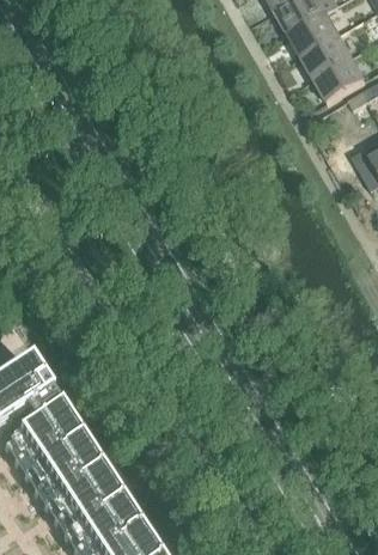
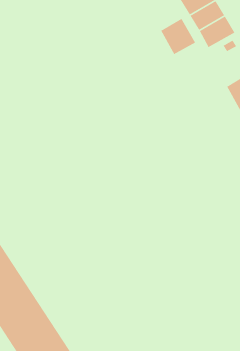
building: none -> [160,18,196,55]

